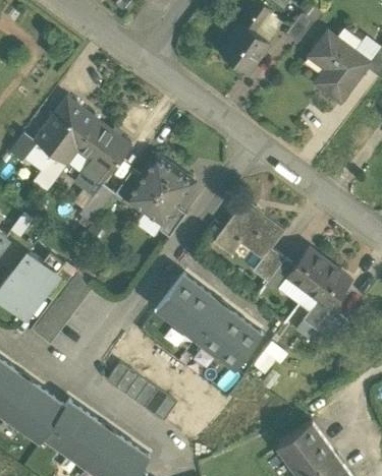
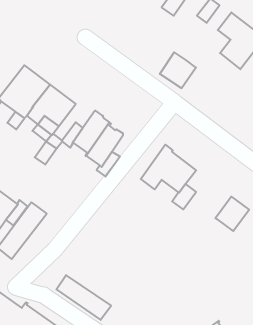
building: [222,25,268,71] -> [160,52,196,88]
building: [287,250,329,293] -> none
building: [158,278,260,369] -> none
building: [305,301,347,342] -> none

